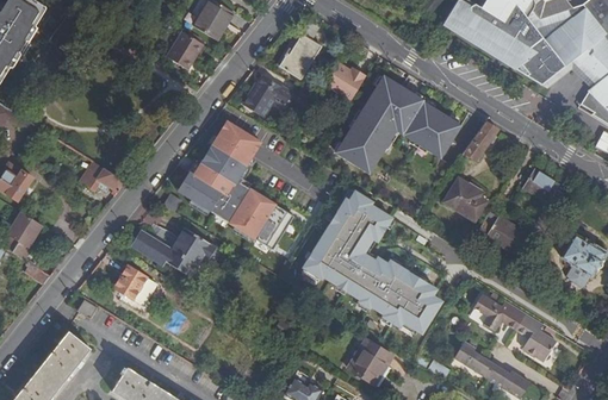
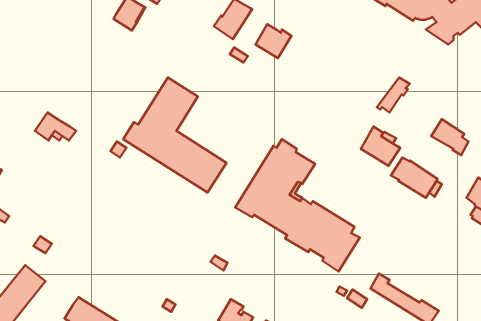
building: [243,75,292,117] -> none
building: [336,75,461,173] -> none
building: [130,227,217,275] -> none
building: [113,264,157,305] -> none
building: [473,294,557,361] -> none
building: [348,339,392,383] -> none

